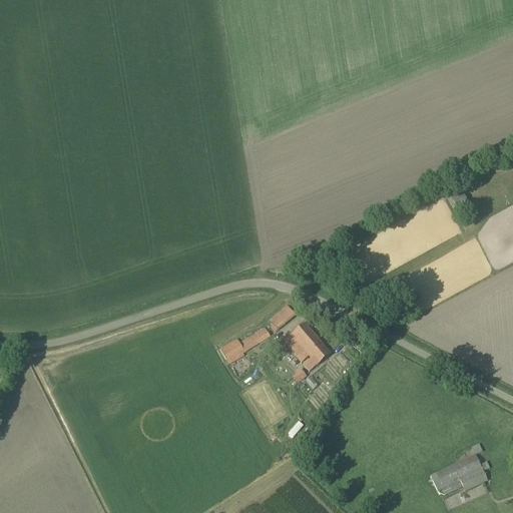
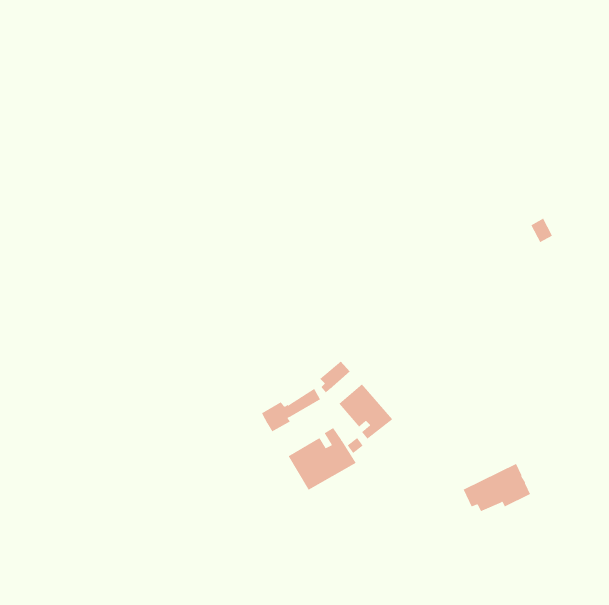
building: none -> [288,427,357,491]
building: [430,453,487,494] -> [463,463,531,512]

